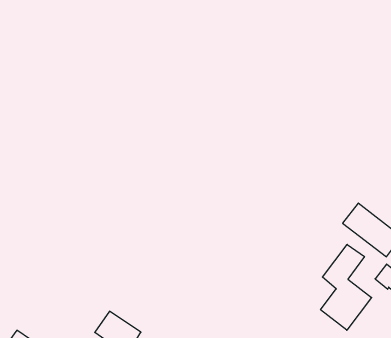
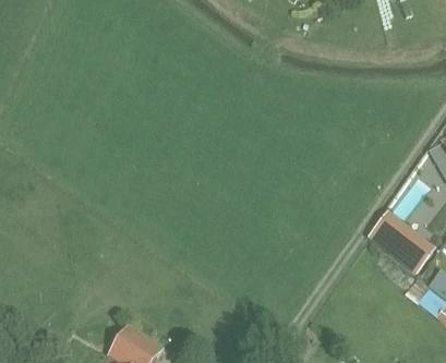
building: [321,244,372,330] -> none

